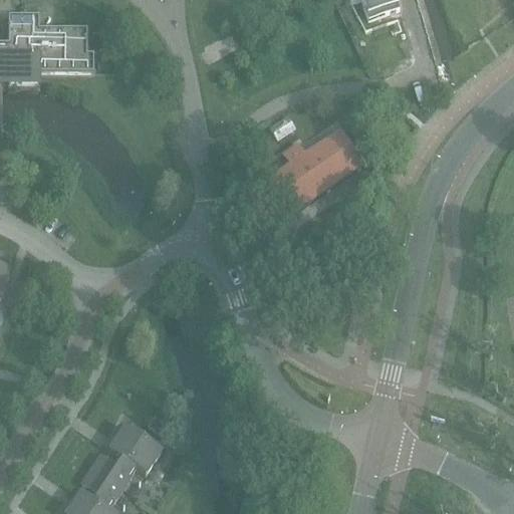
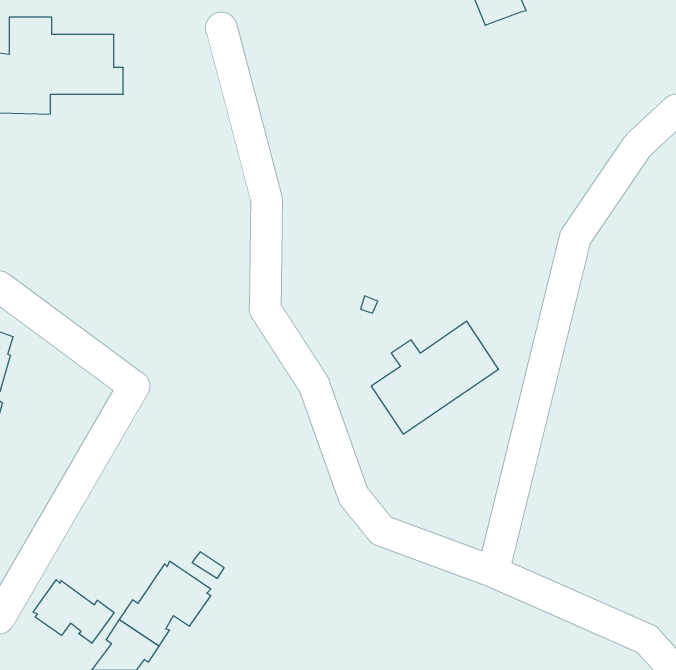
building: [266,128,362,214] -> [371,321,499,434]
building: none -> [33,580,114,643]

